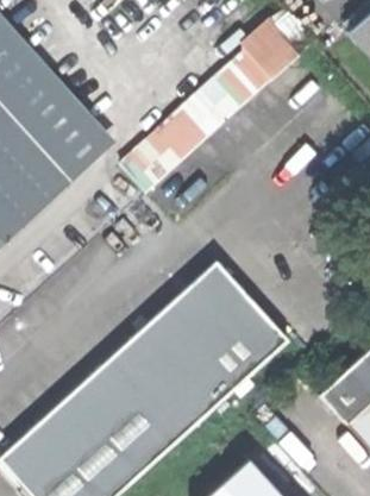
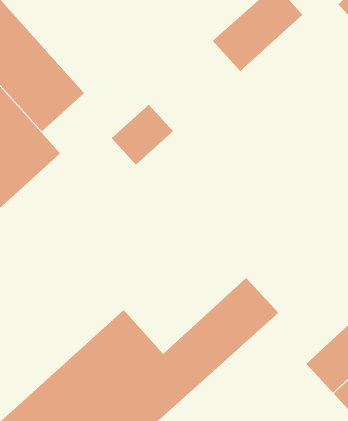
building: [158,71,250,158] -> none
building: [51,120,114,181] -> none
building: [133,260,256,381] -> none

